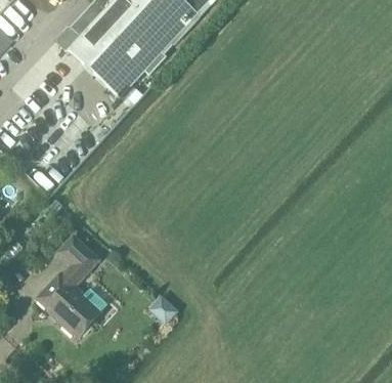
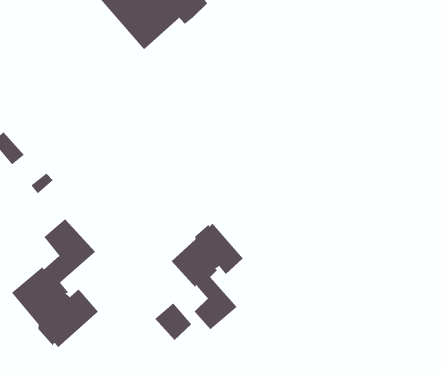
building: none -> [171,223,244,330]

